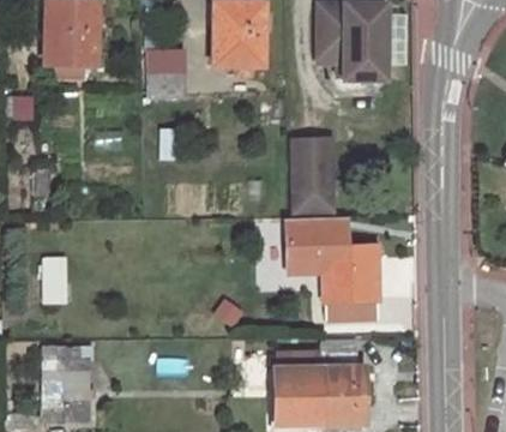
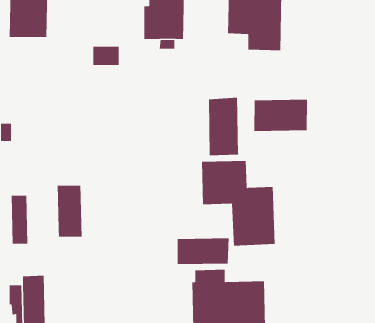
building: none -> [254,99,307,132]
building: none -> [57,185,82,237]
building: none -> [177,238,229,265]

